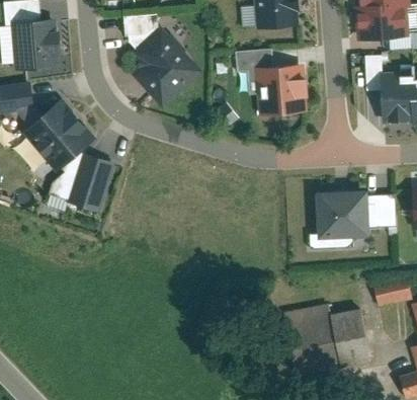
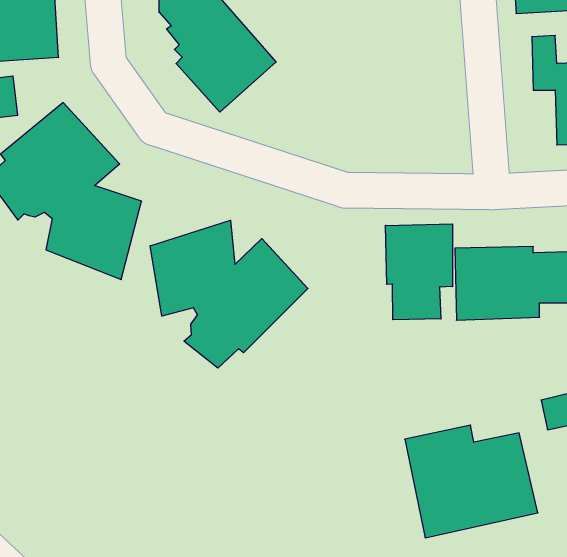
building: [236,48,311,117] -> none
building: none -> [150,220,308,368]
building: none -> [385,224,453,320]

